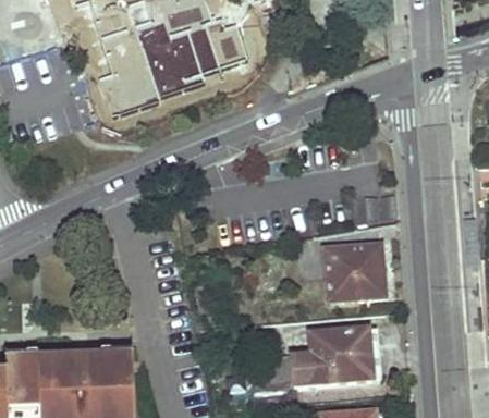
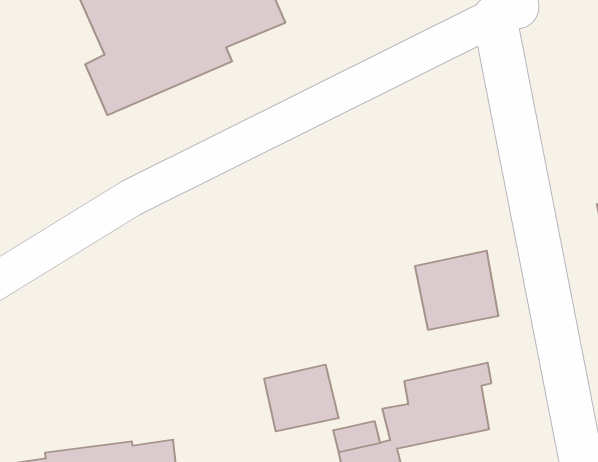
building: none -> [264,365,339,431]

